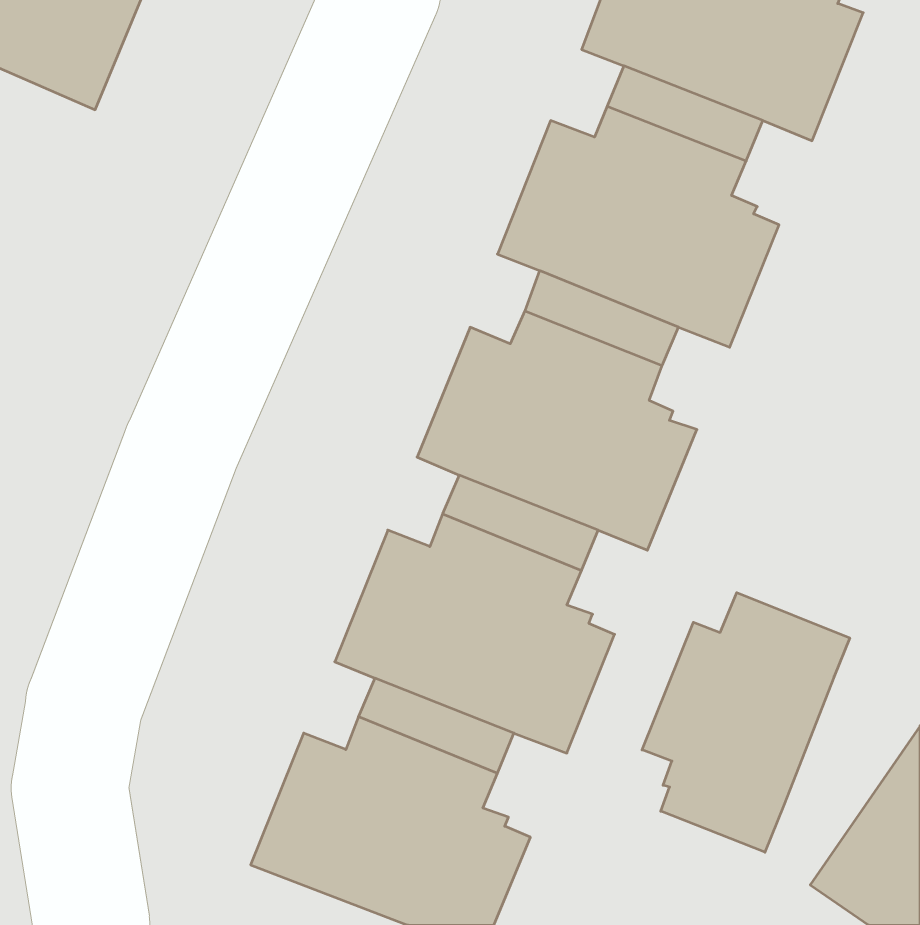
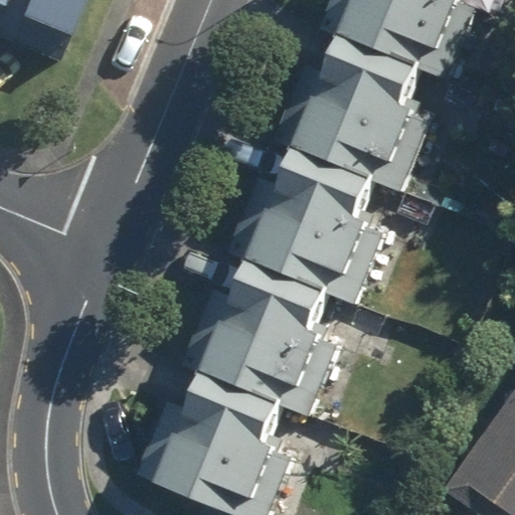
building: [642,593,850,852] -> none

